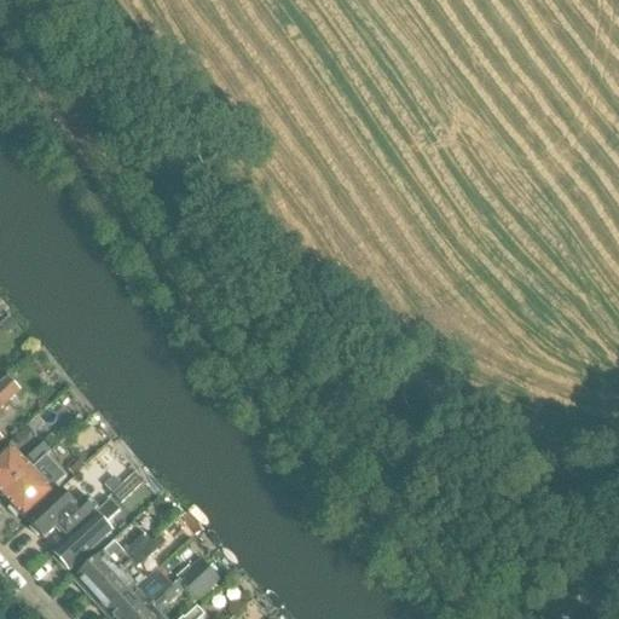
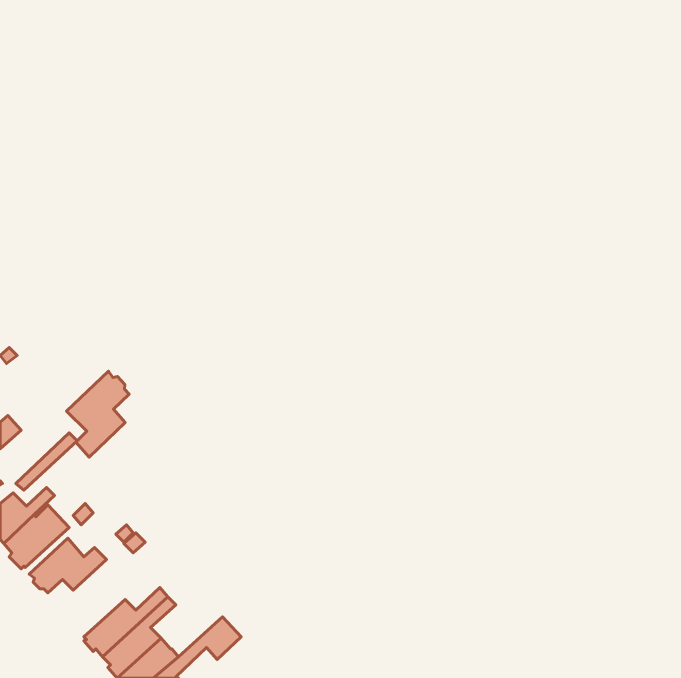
building: none -> [66,371,129,457]
building: [53,499,120,569] -> none

